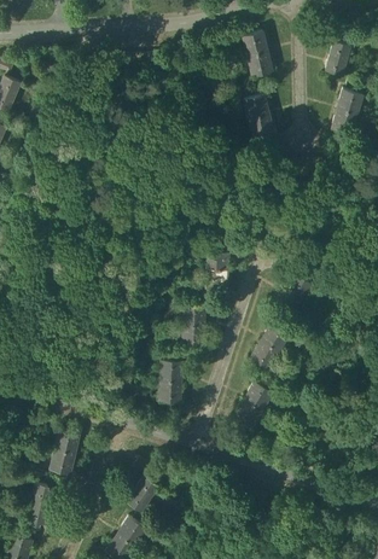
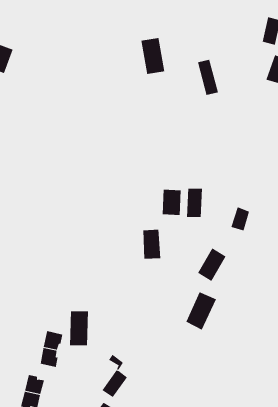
building: [242,30,272,76] -> [141,37,165,75]
building: none -> [187,188,202,218]
building: [156,359,180,402] -> [69,311,89,346]

